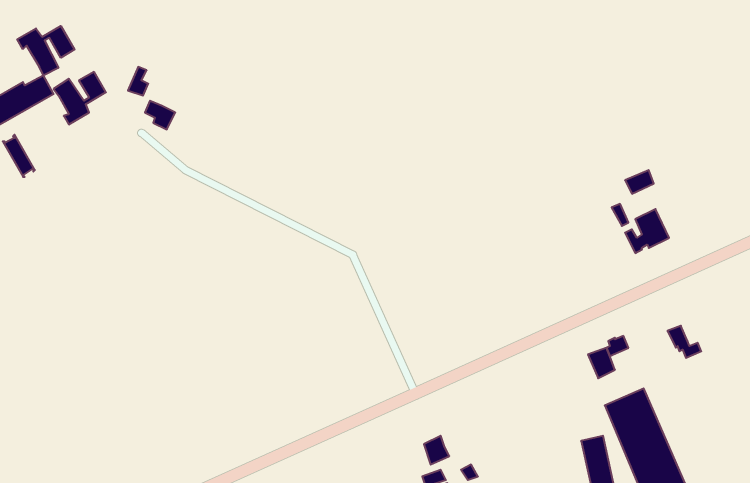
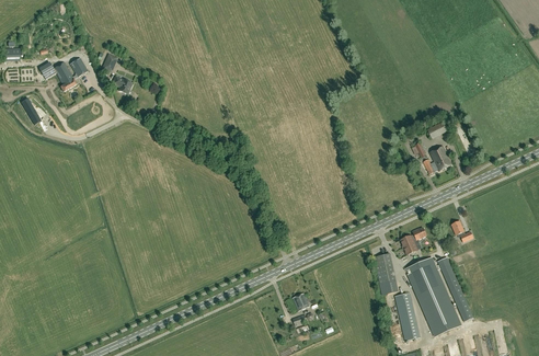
building: [17,26,75,75] -> none
building: none -> [372,253,397,294]

